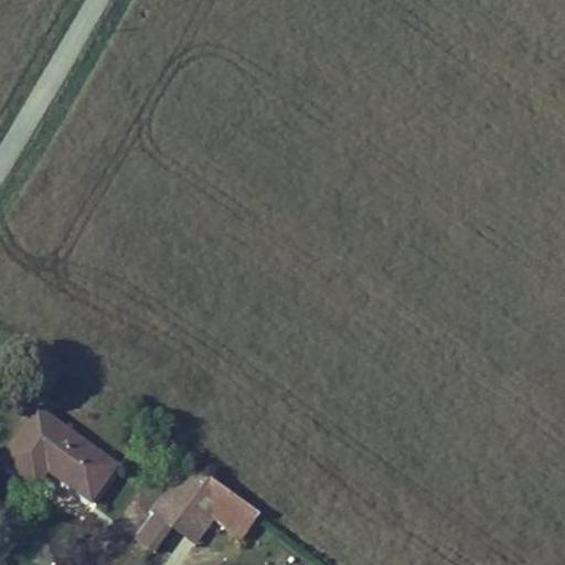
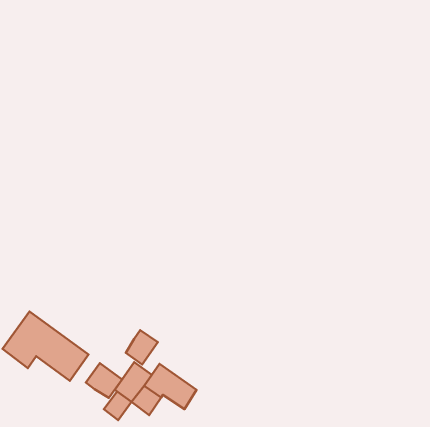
building: none -> [126,330,158,364]
building: none -> [86,363,122,398]

